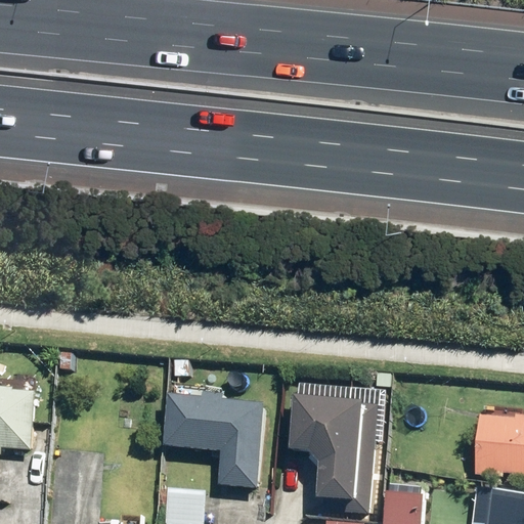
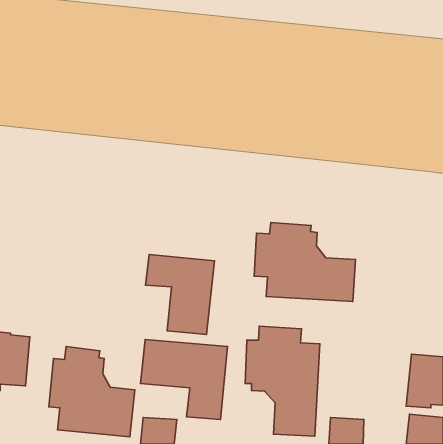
building: none -> [254,222,356,301]
building: none -> [146,255,215,334]
building: none -> [49,347,135,437]

